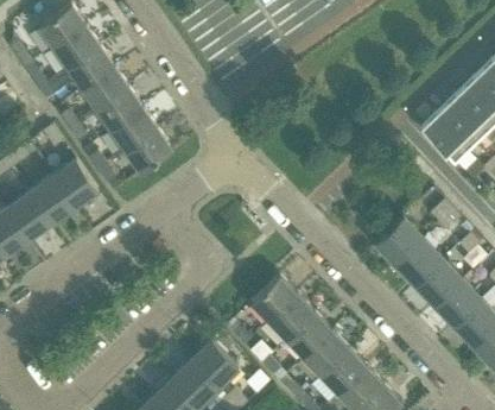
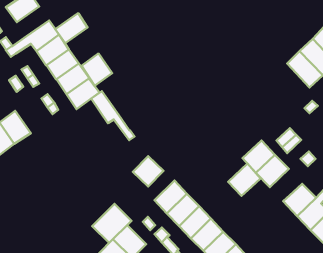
building: [53,27,100,70] -> [55,13,88,43]
building: none -> [82,54,112,86]
building: [421,109,472,162] -> none
building: none -> [91,91,134,140]
building: [51,160,97,209] -> none
building: none -> [133,156,164,186]
building: [415,260,462,307] -> [228,164,261,196]
building: none -> [92,204,131,243]

